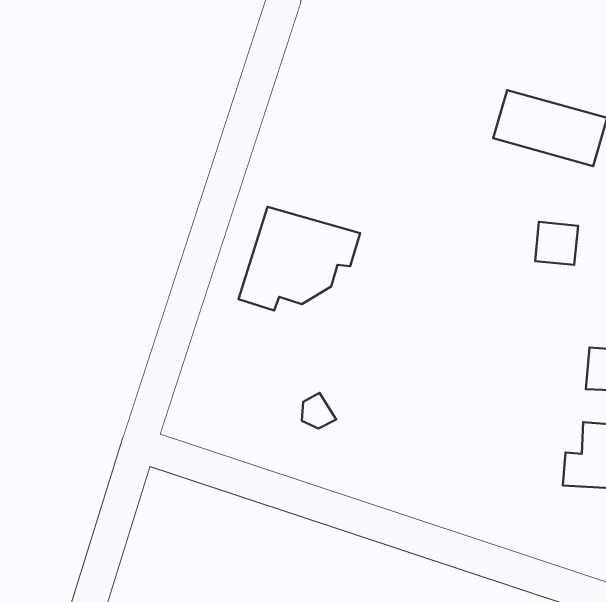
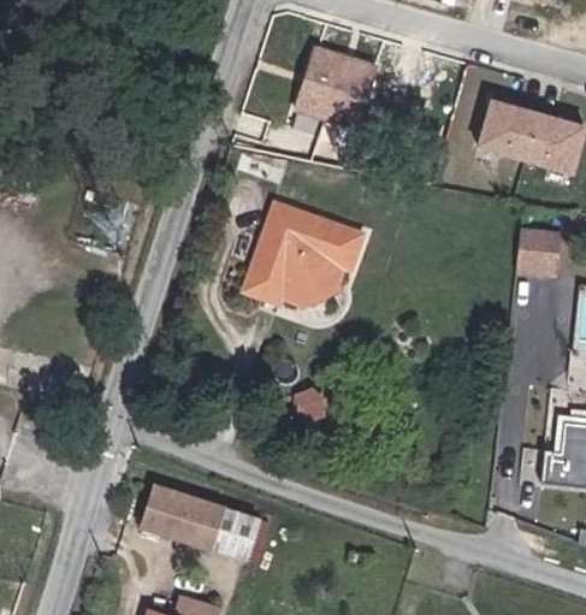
building: none -> [290,45,371,125]
building: none -> [141,498,249,569]

